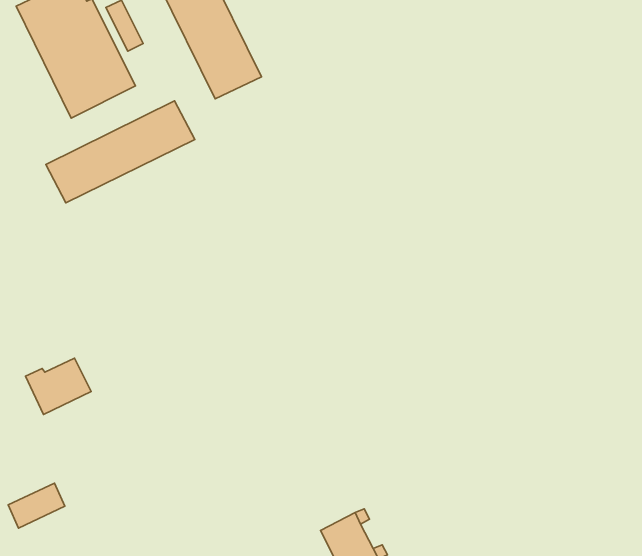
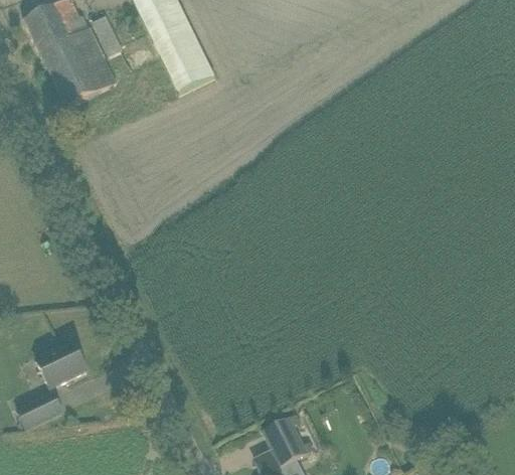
building: [46,101,195,203] -> none
building: [26,358,91,415] -> [35,343,87,387]

